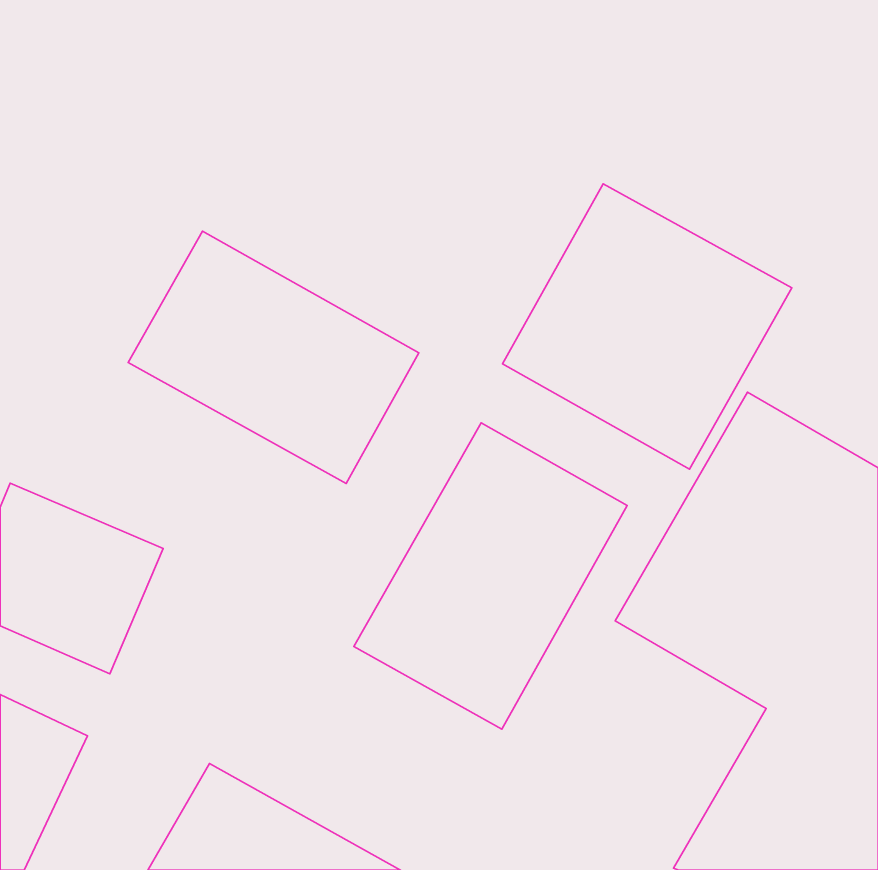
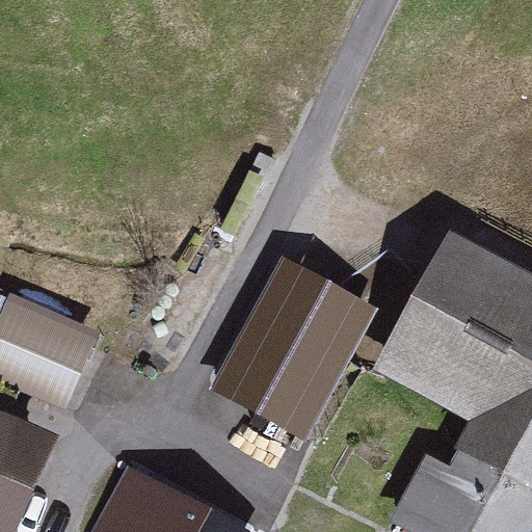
building: [503,184,792,469] -> none
building: [128,231,419,484] -> none

